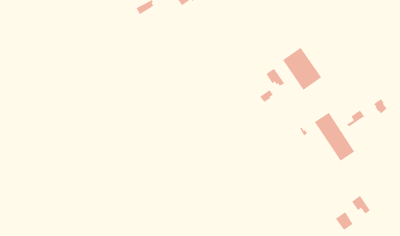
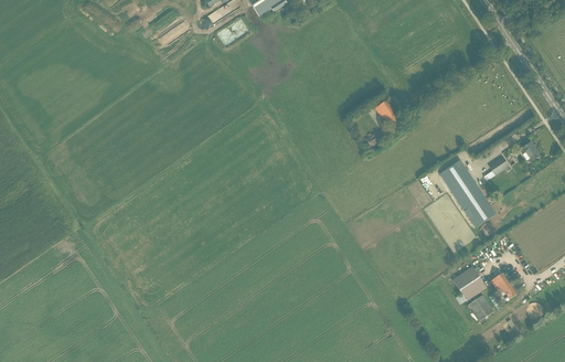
building: [282,47,322,91] -> none
building: none -> [451,265,487,304]

